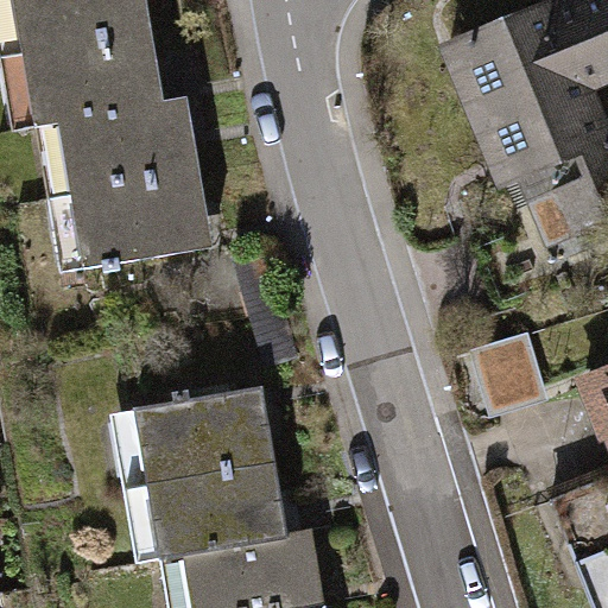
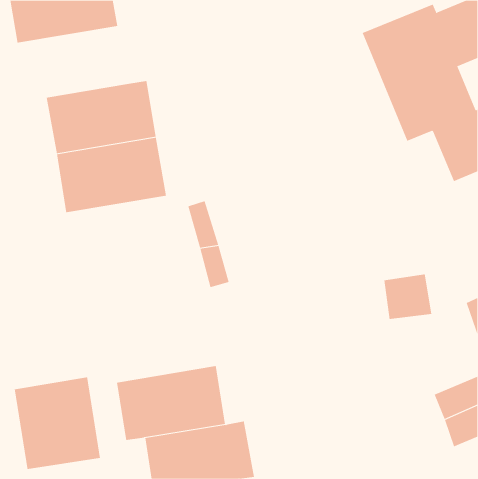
building: [21,33,163,127] -> none
building: [134,390,274,484] -> none
building: none -> [14,377,101,470]

